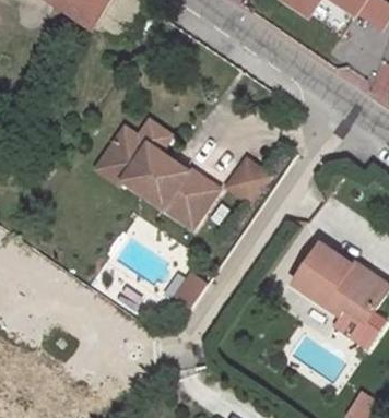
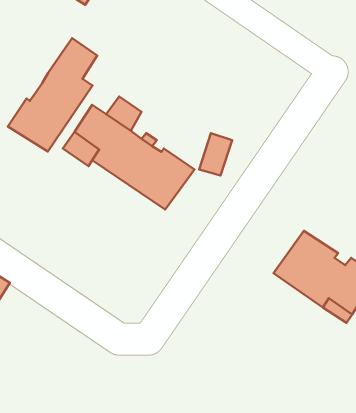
building: none -> [8,38,97,151]

